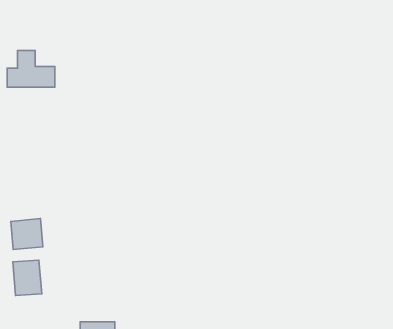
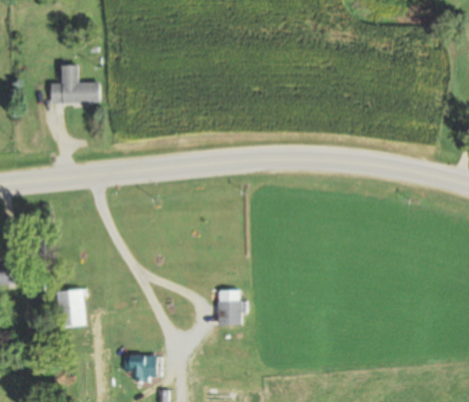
building: [11,219,43,249] -> none
building: none -> [217,290,241,325]

